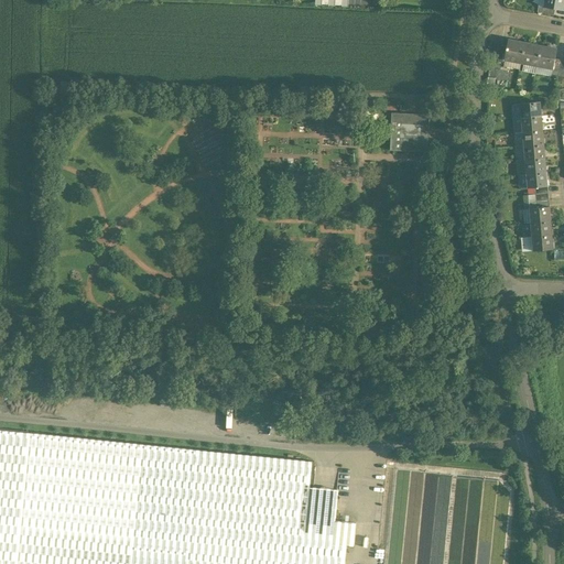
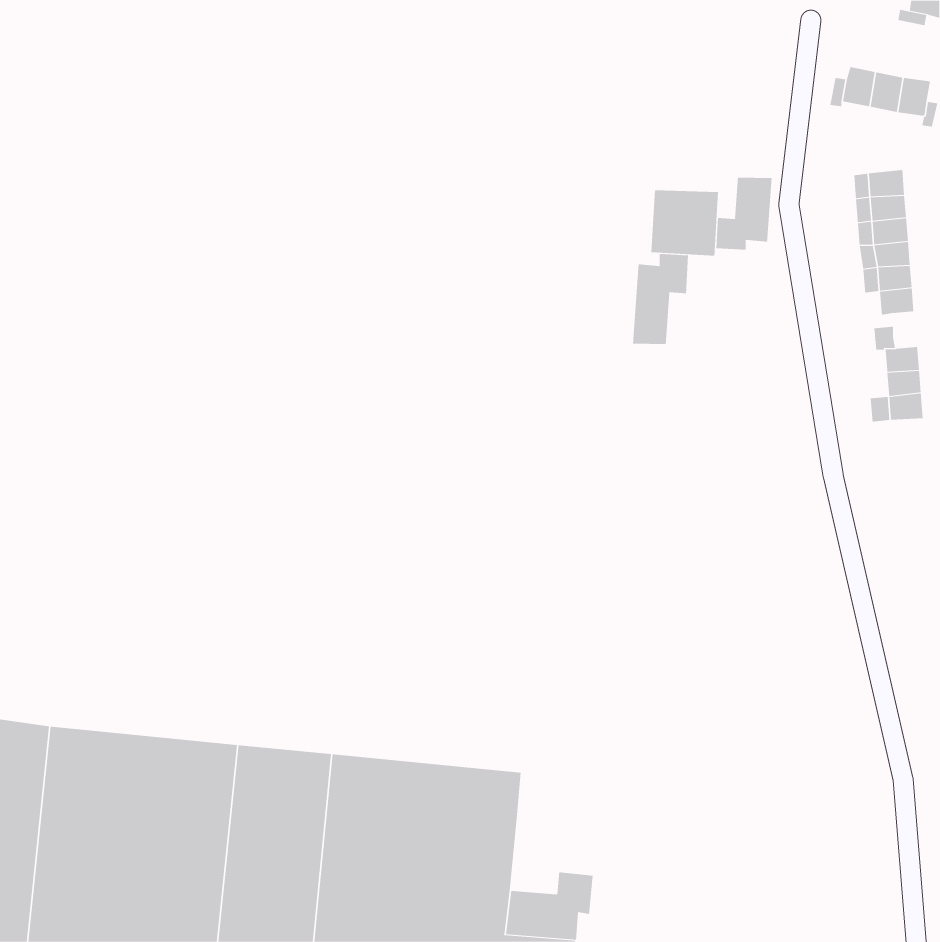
building: none -> [716,177,772,251]
building: none -> [633,253,688,345]
building: [305,487,337,534] -> none

